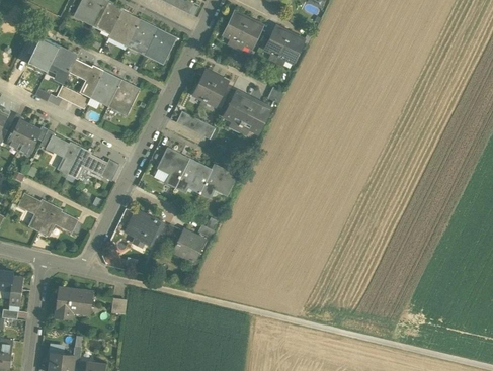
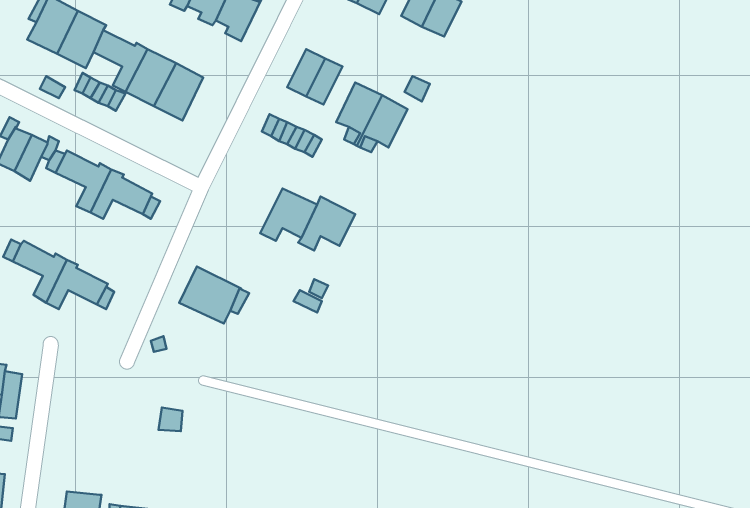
building: [156,148,189,187] -> none
building: [171,228,203,259] -> none
building: [54,286,92,318] -> none

